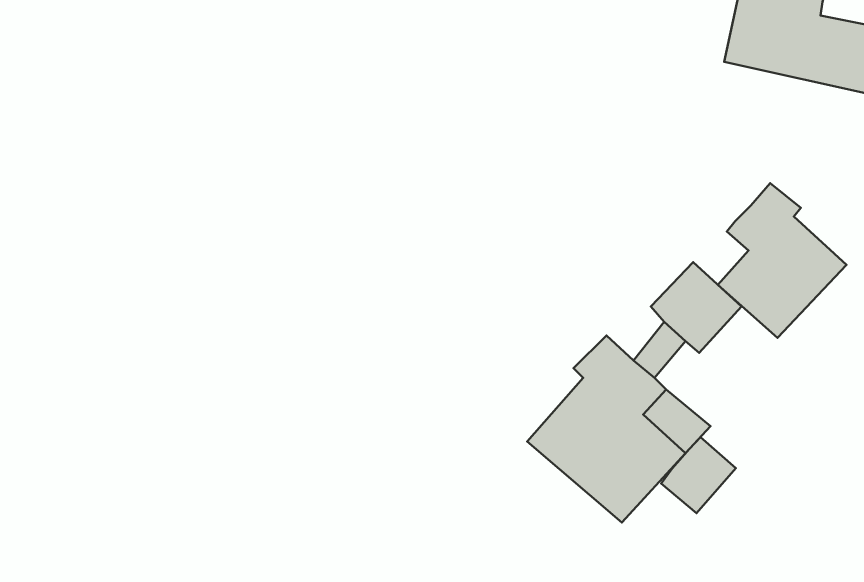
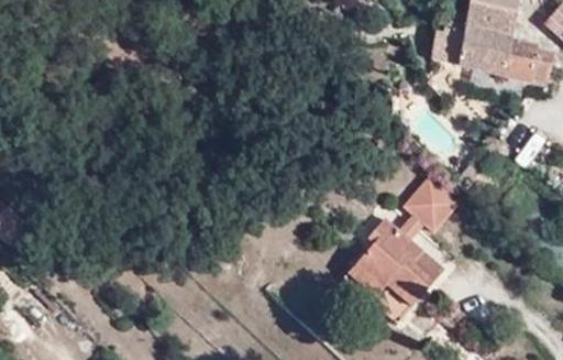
building: [718,183,846,338] -> none
building: [661,437,736,513] -> none

